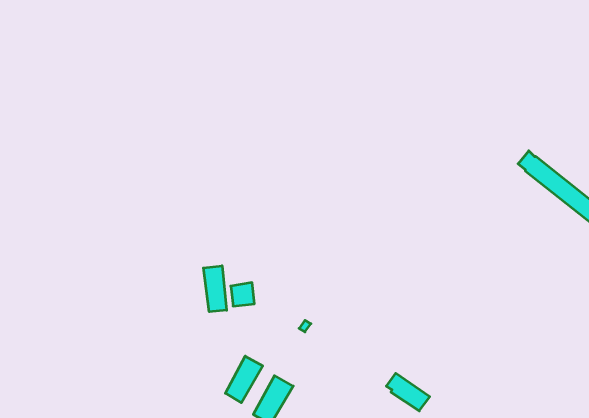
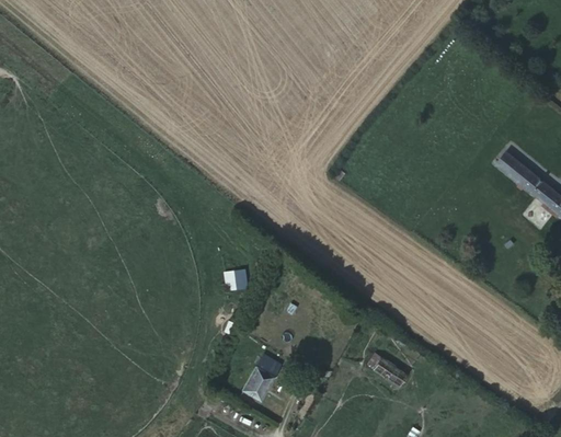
building: [203,266,227,312] -> none
building: [225,356,263,403] -> none

